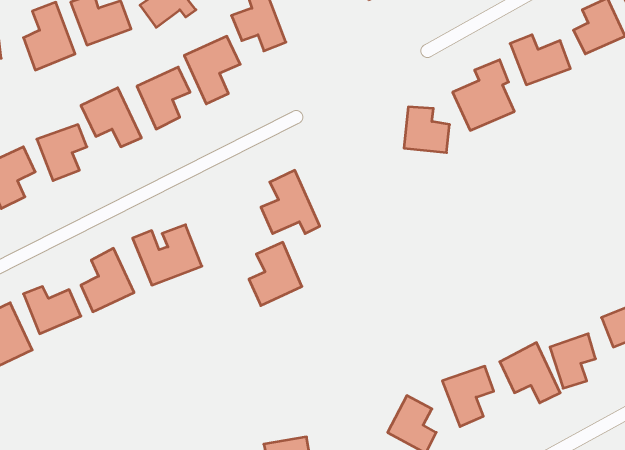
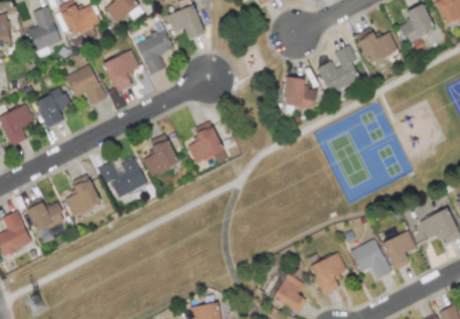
building: [249,242,302,306] -> [143,133,179,177]

